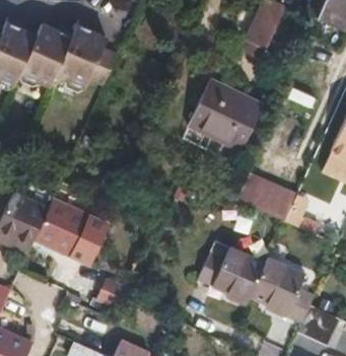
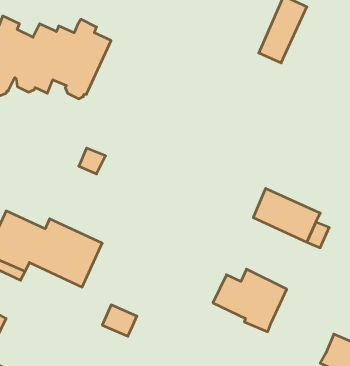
building: [188,79,264,151] -> none
building: [253,258,315,323] -> none

